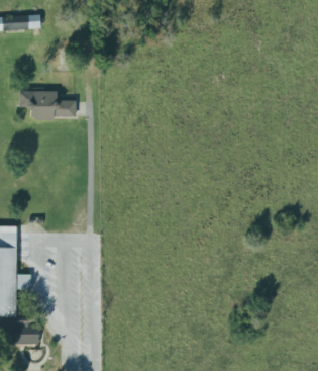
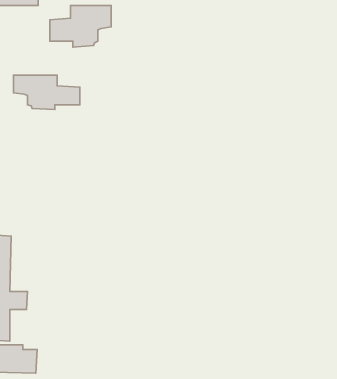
building: none -> [50,5,111,47]

